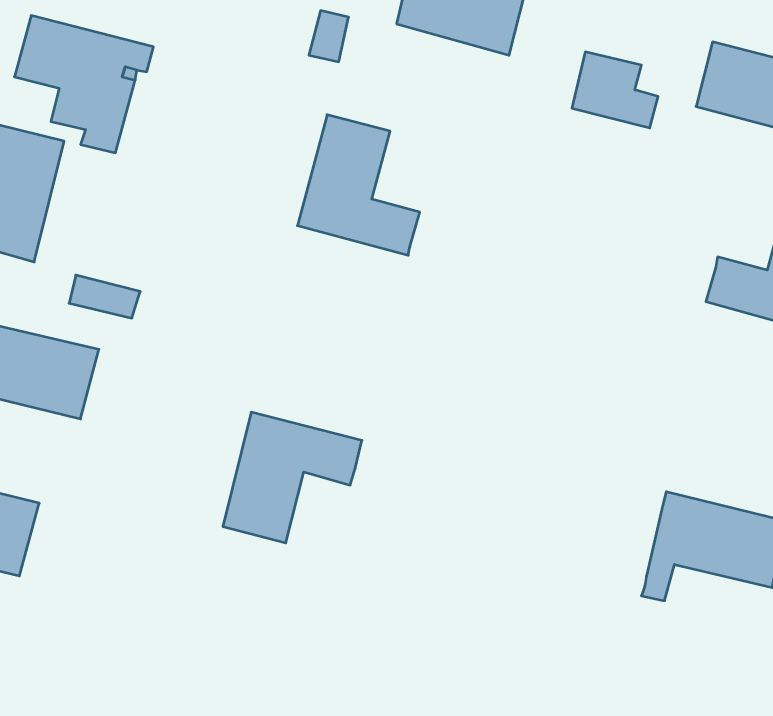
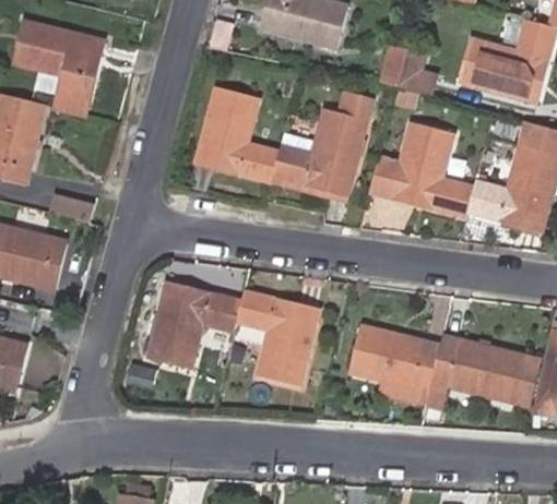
building: none -> [273,94,372,194]
building: none -> [371,122,475,217]
building: none -> [237,292,318,386]
building: none -> [349,326,440,401]

